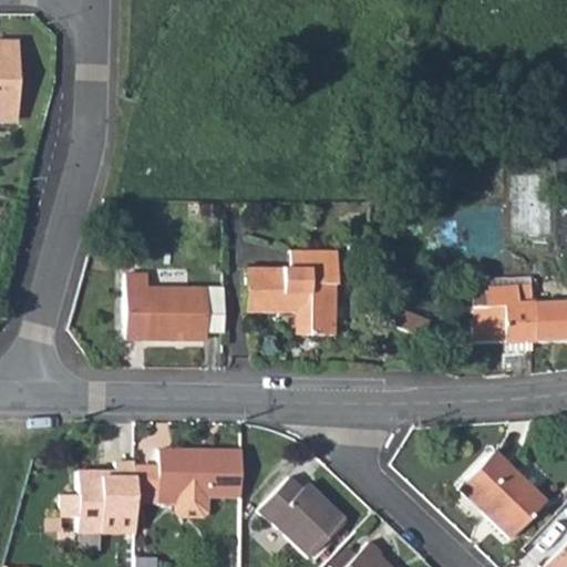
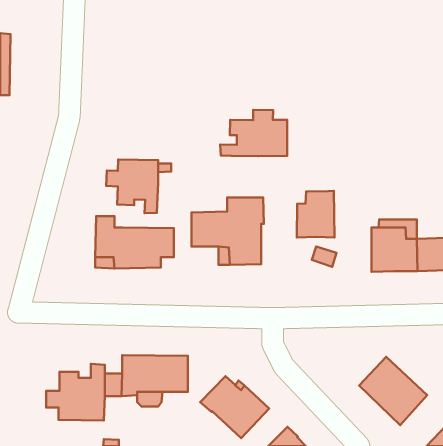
building: none -> [220,110,287,156]
building: none -> [106,159,158,213]
building: none -> [297,191,334,237]

